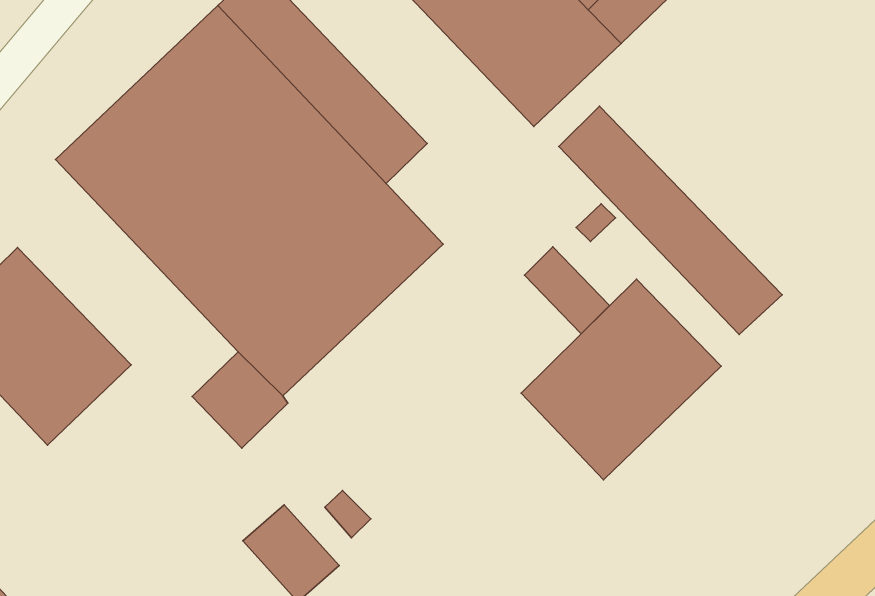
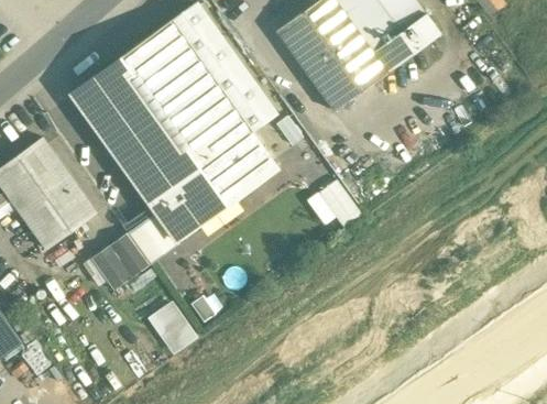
building: [559,106,782,335] -> none
building: [521,279,721,480] -> none
building: none -> [91,232,151,290]

